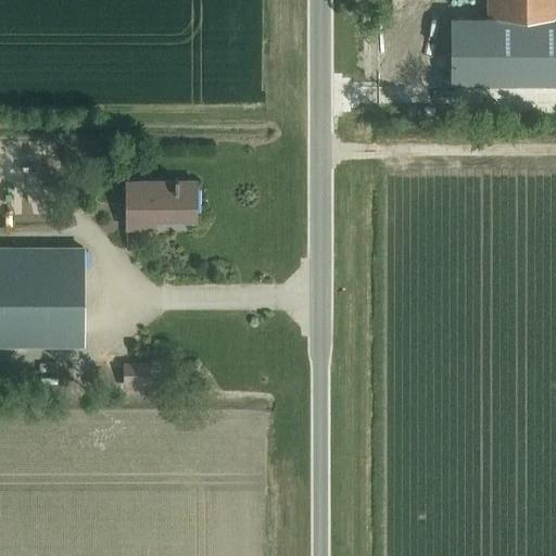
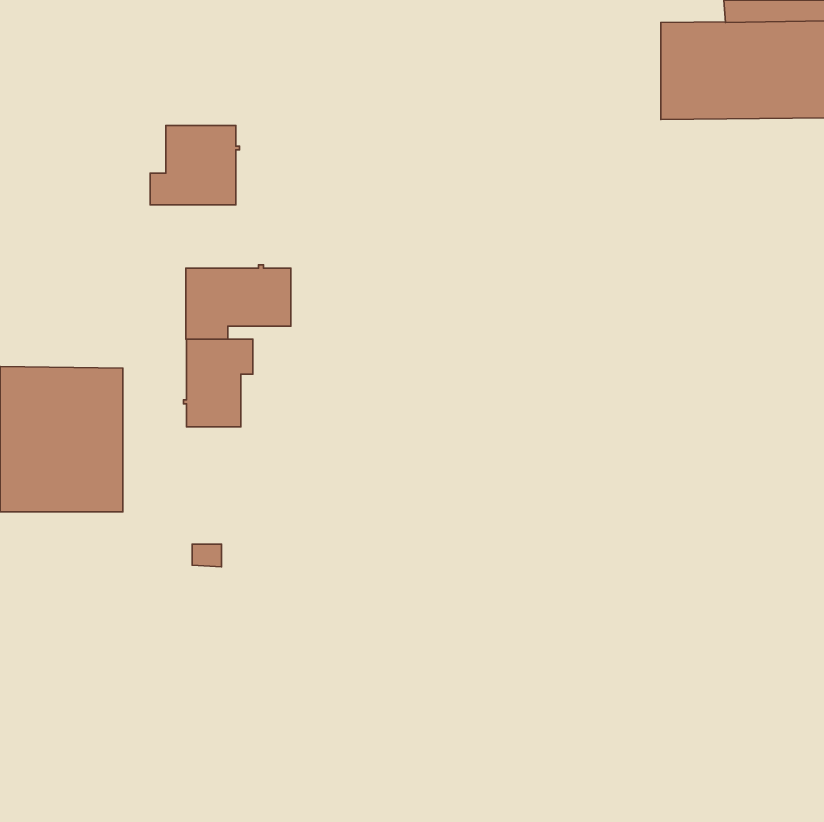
building: none -> [150,126,240,205]
building: none -> [184,339,253,427]

